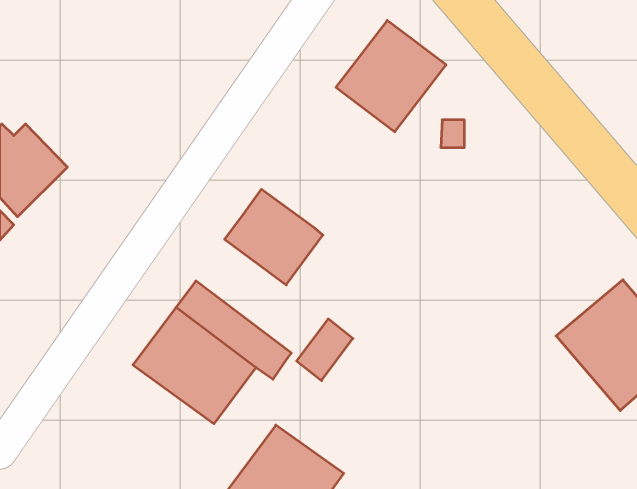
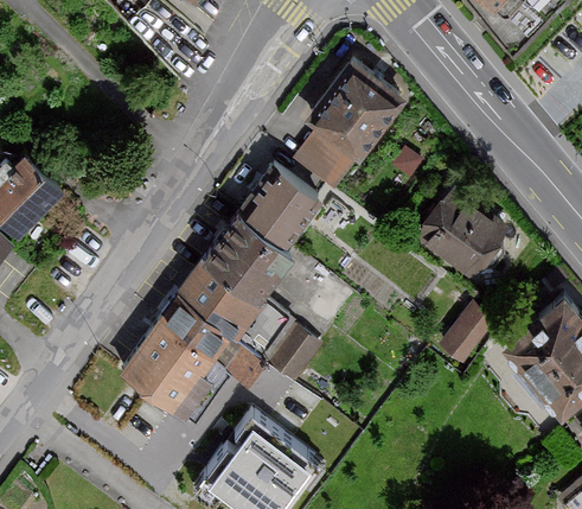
building: none -> [294,133,354,192]
building: none -> [237,164,320,247]
building: none -> [416,187,506,278]
building: none -> [177,256,293,360]
building: none -> [440,305,493,363]

